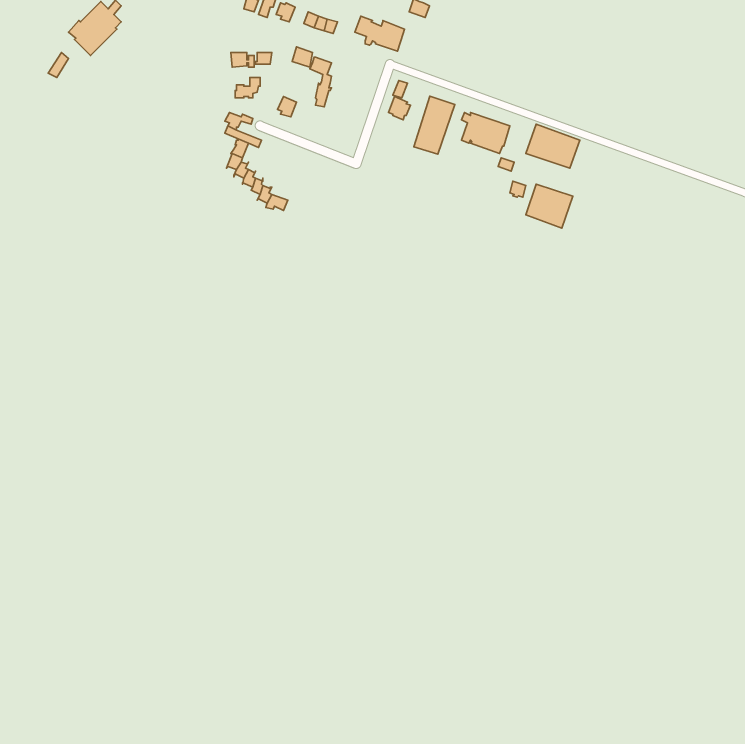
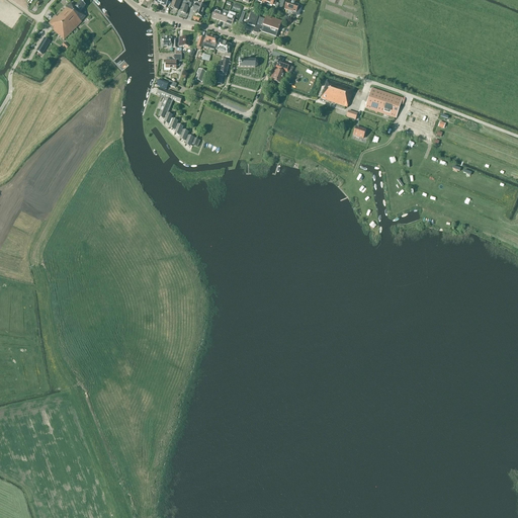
building: [414,96,455,154] -> none
building: [526,184,573,228] -> none

